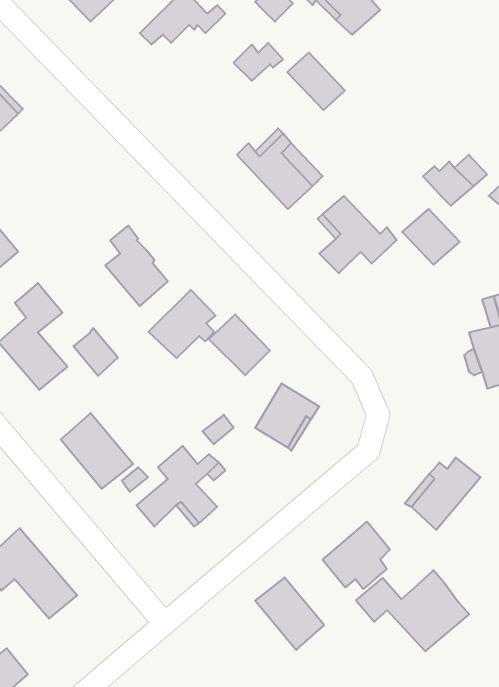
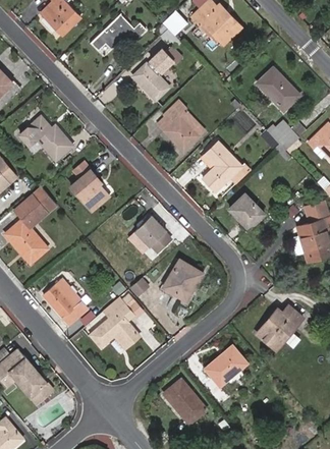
building: [287,53,345,110] -> [132,64,168,100]
building: none -> [257,67,299,110]
building: none -> [18,115,73,161]
building: [402,209,460,265] -> [229,193,265,228]
building: [148,290,216,358] -> none
building: [73,328,118,376] -> [29,185,56,215]
building: [356,570,469,651] -> none

